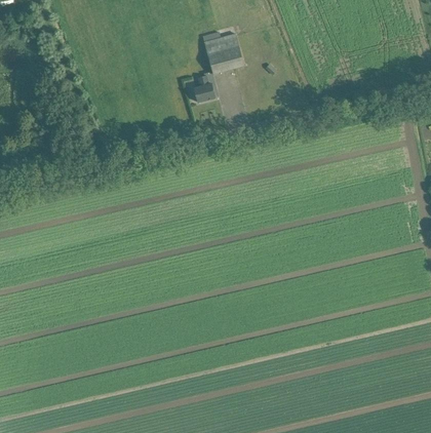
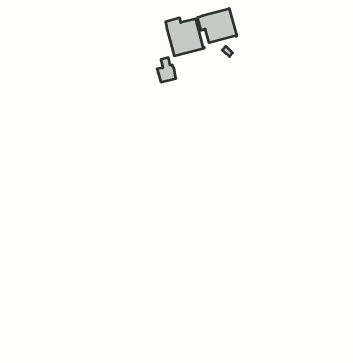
building: none -> [198,8,237,43]

